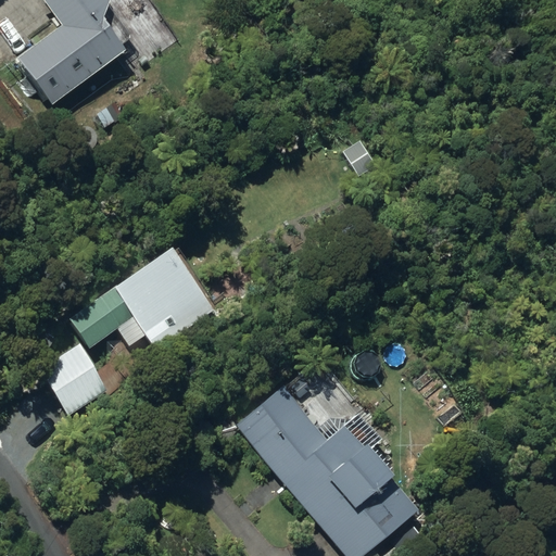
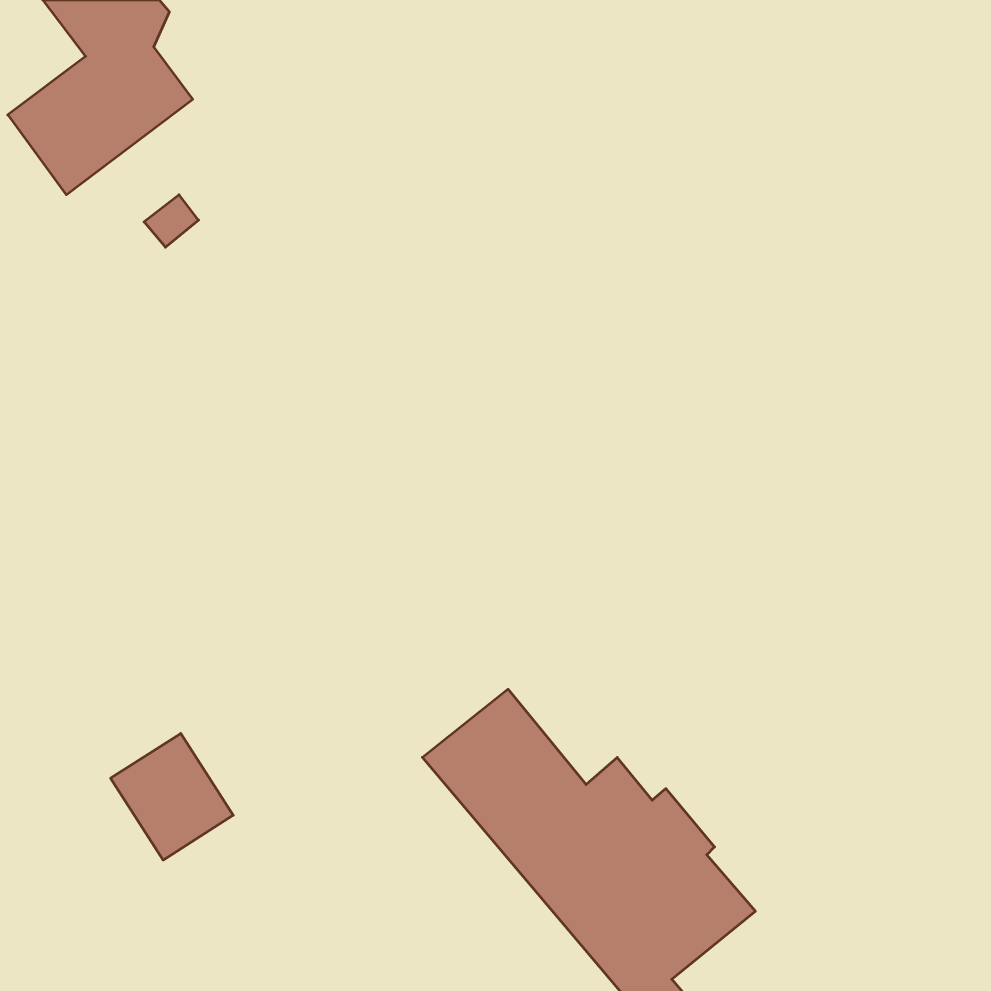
building: [71,247,216,349] -> none
building: [41,343,110,414] -> [111,733,233,860]

